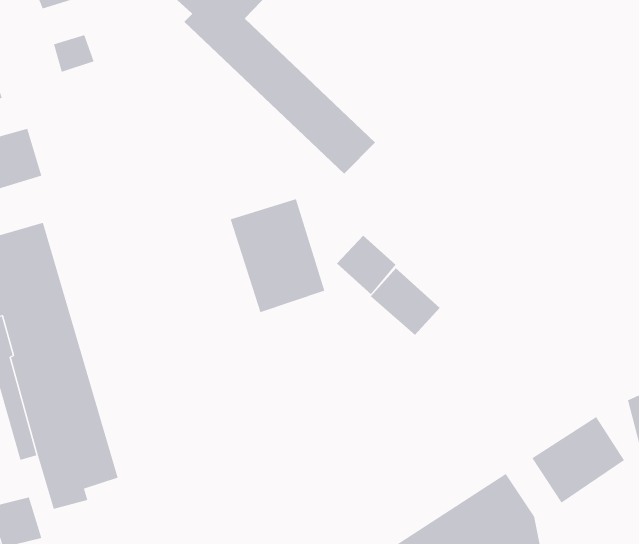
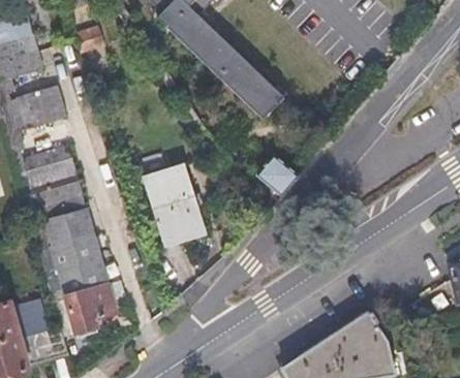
building: [230,199,325,313] -> [143,166,205,241]
building: [370,267,440,336] -> none
building: [531,416,625,503] -> none

